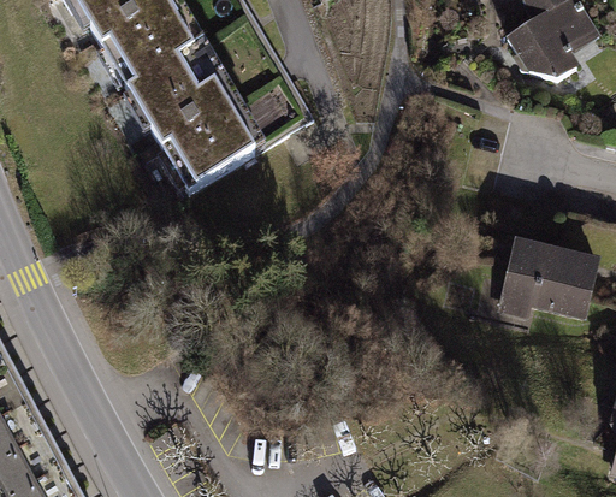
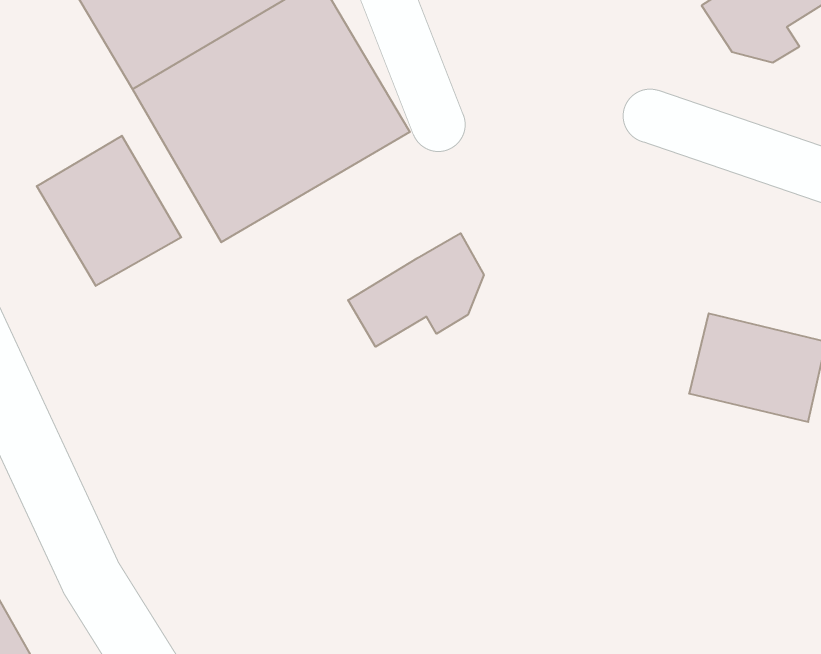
building: none -> [37,136,181,286]
building: none -> [348,233,484,347]

